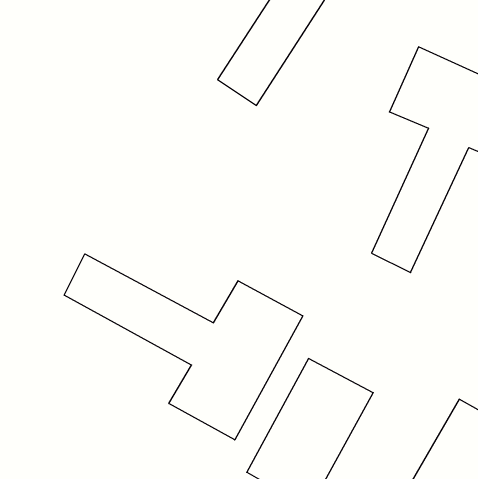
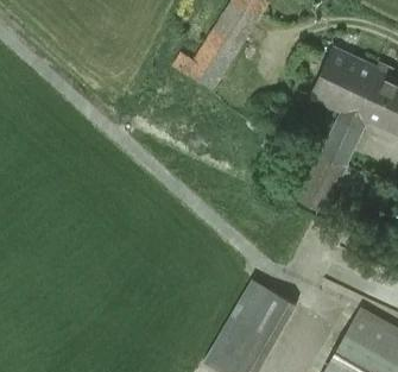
building: [64,254,303,440] -> none

